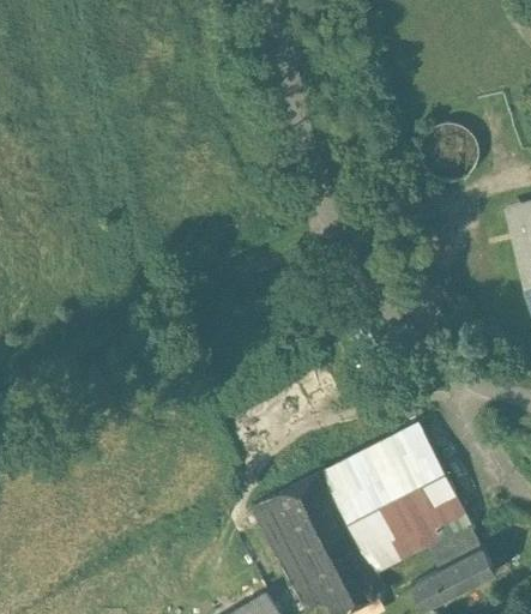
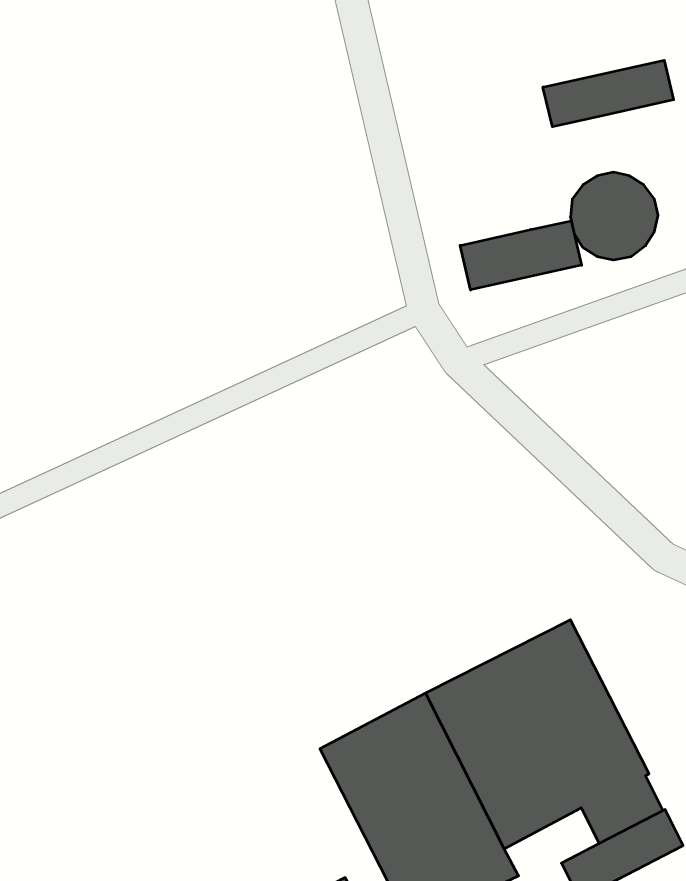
building: none -> [543,60,674,127]
building: none -> [460,221,582,290]

